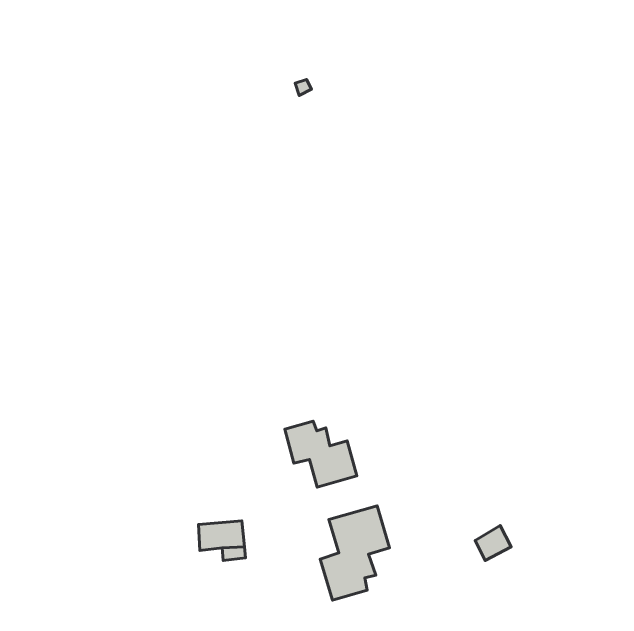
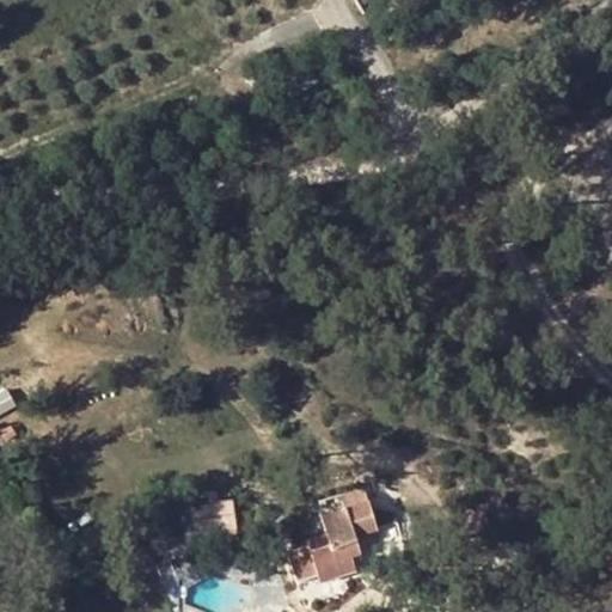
building: [285,421,357,487] -> none

